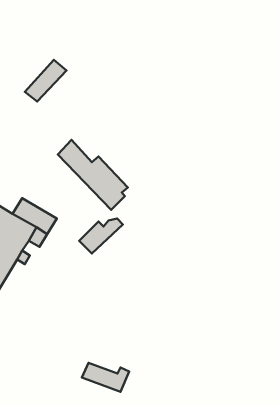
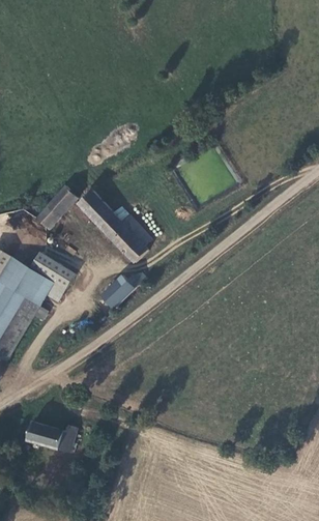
building: [25,60,66,101] -> [34,184,79,229]
building: [82,363,129,392] -> [27,423,78,454]

